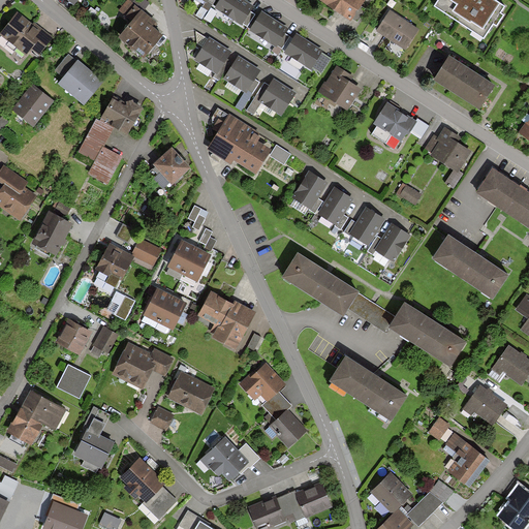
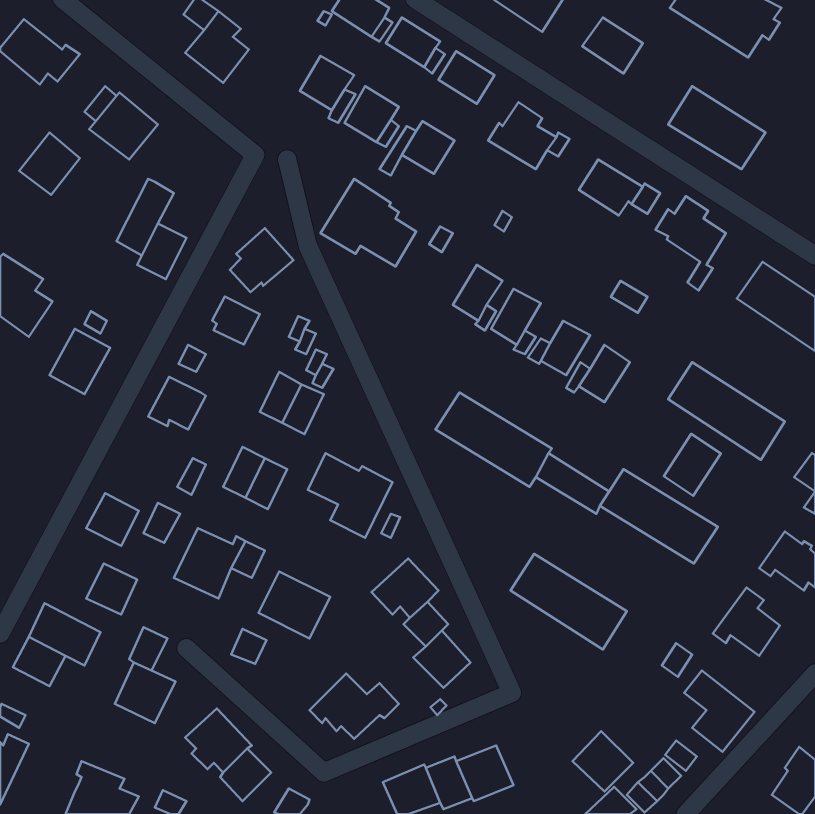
building: [100,97,143,132] -> none
building: [130,239,161,270] -> [212,297,260,344]
building: none -> [664,434,721,496]

